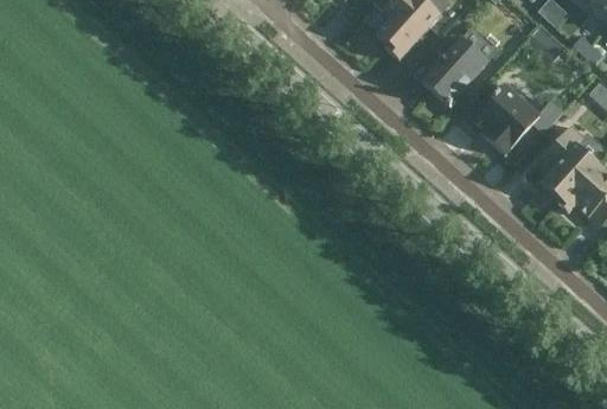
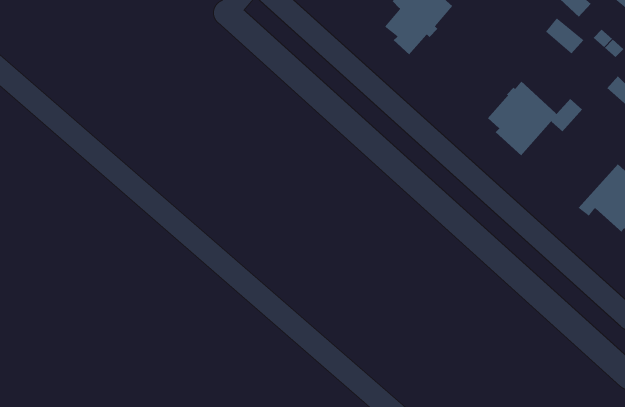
building: [422,36,487,106] -> none
building: [539,124,596,203] -> none

